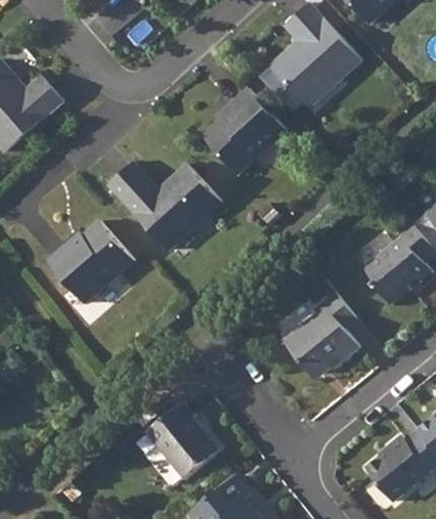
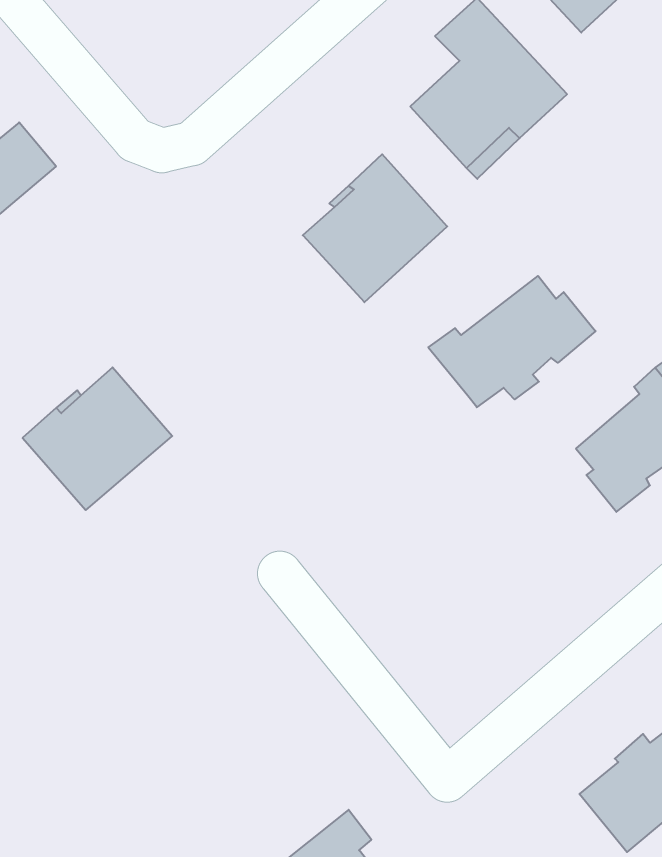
building: [108,163,221,251] -> none
building: none -> [428,276,596,407]
building: [284,291,358,372] -> none
building: [145,400,217,477] -> none

